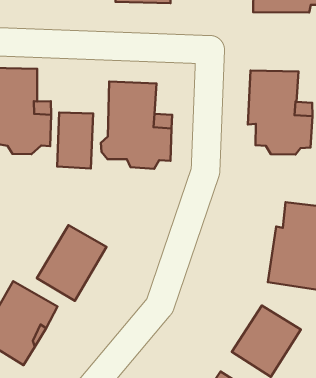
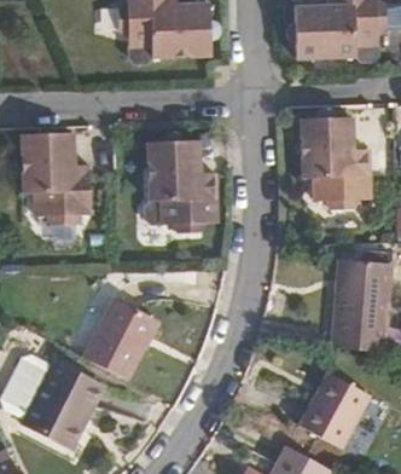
building: [57,113,93,168] -> none

